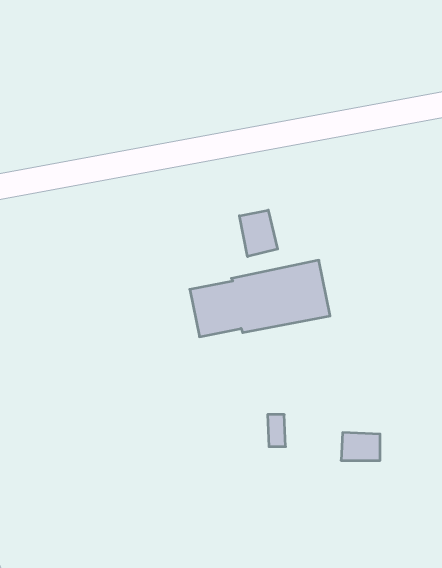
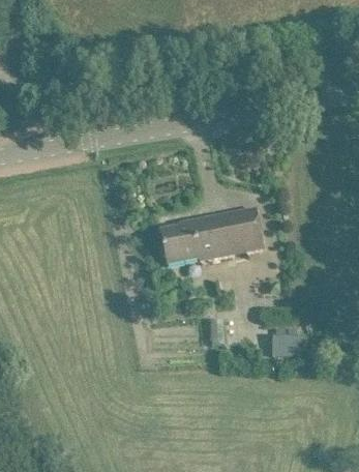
building: [239,210,278,257] -> none

